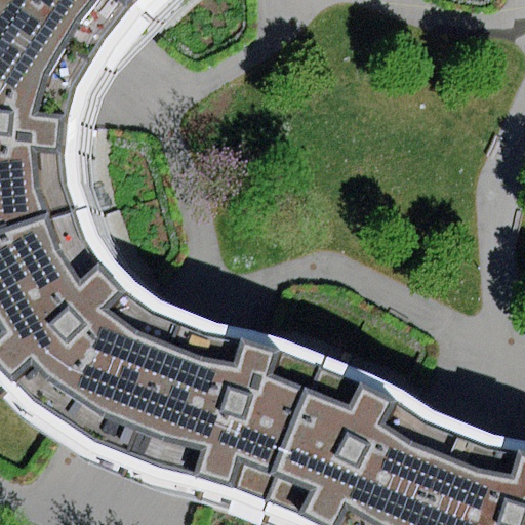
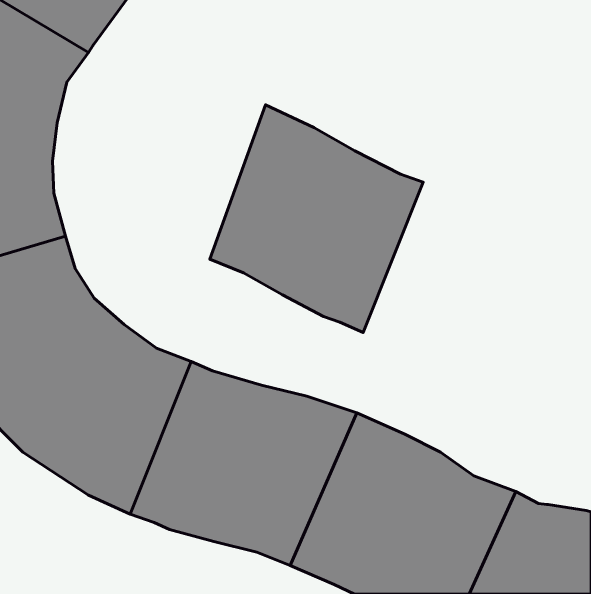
building: none -> [210,105,423,332]

